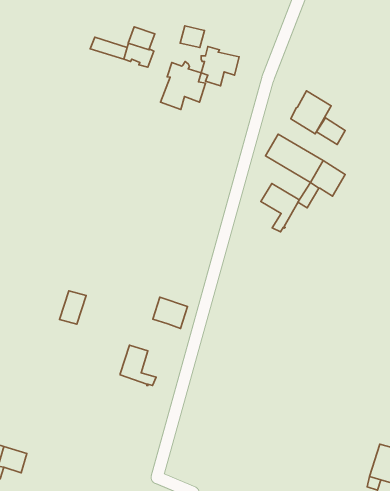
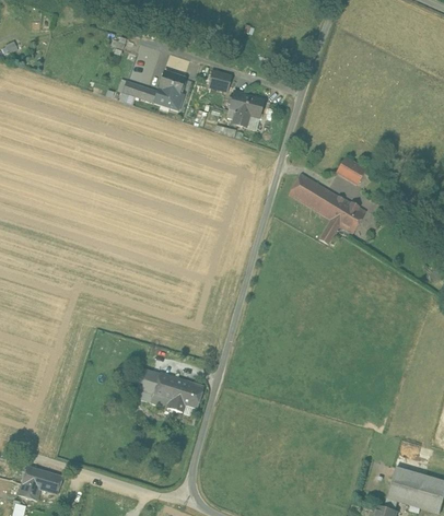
building: [161,61,205,110] -> none
building: [291,91,331,134] -> none
building: [261,183,299,232] -> none
building: [60,291,86,324] -> [135,368,160,400]
building: [153,297,187,328] -> [171,378,203,408]

